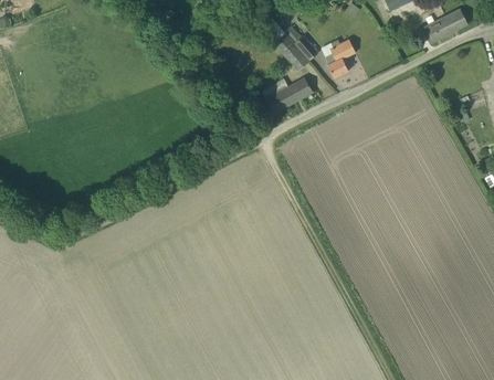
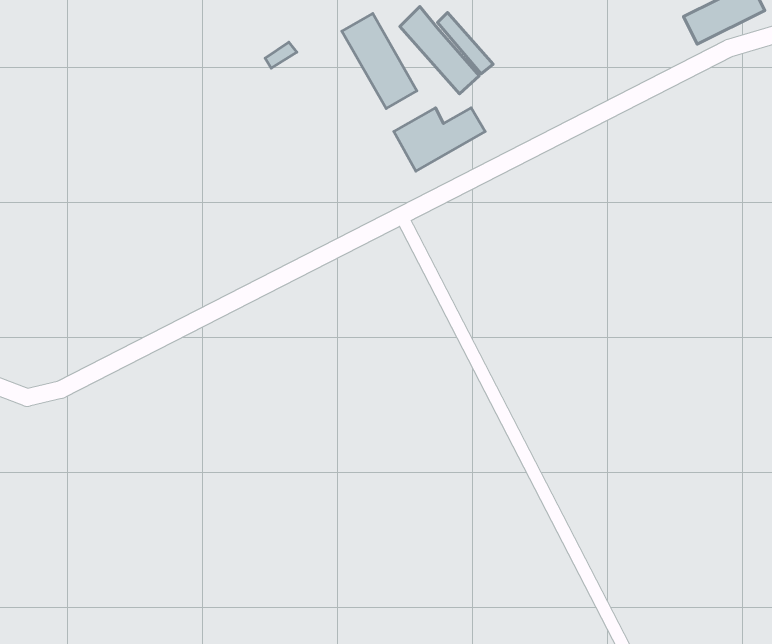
building: none -> [342,14,417,109]
building: [327,39,357,77] -> none

